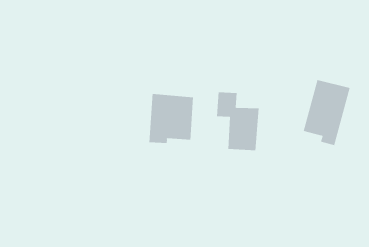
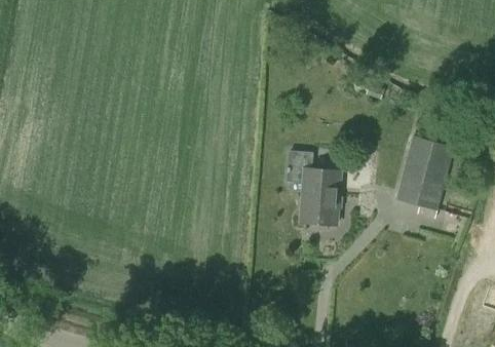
building: [149,93,194,144] -> none

